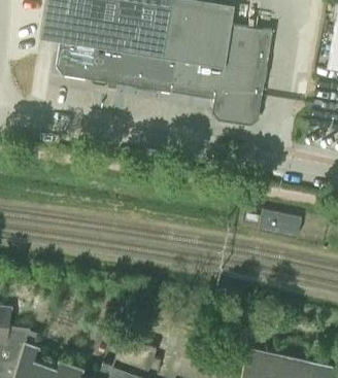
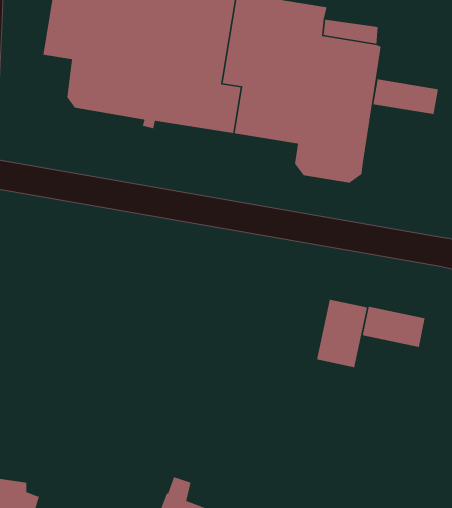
building: none -> [373,79,439,115]
building: none -> [316,299,368,368]

